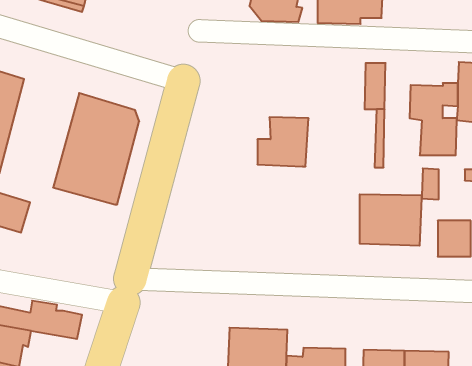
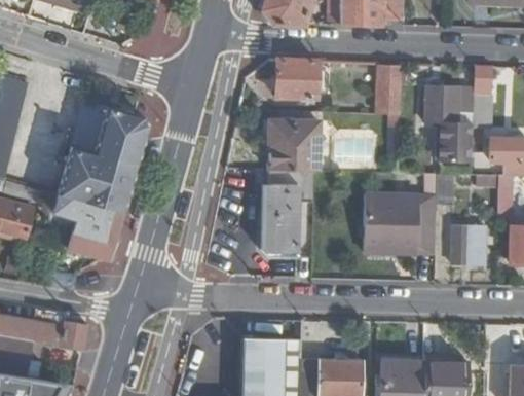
building: none -> [275,60,321,95]
building: none -> [260,171,313,258]
building: none -> [54,194,121,259]

